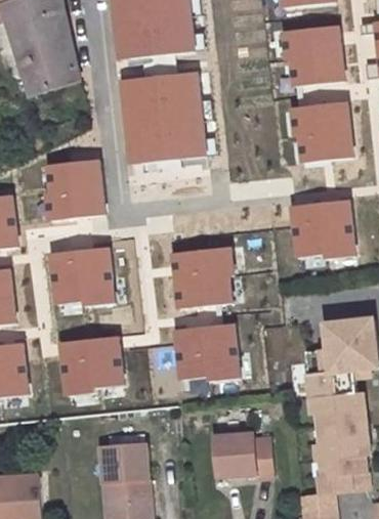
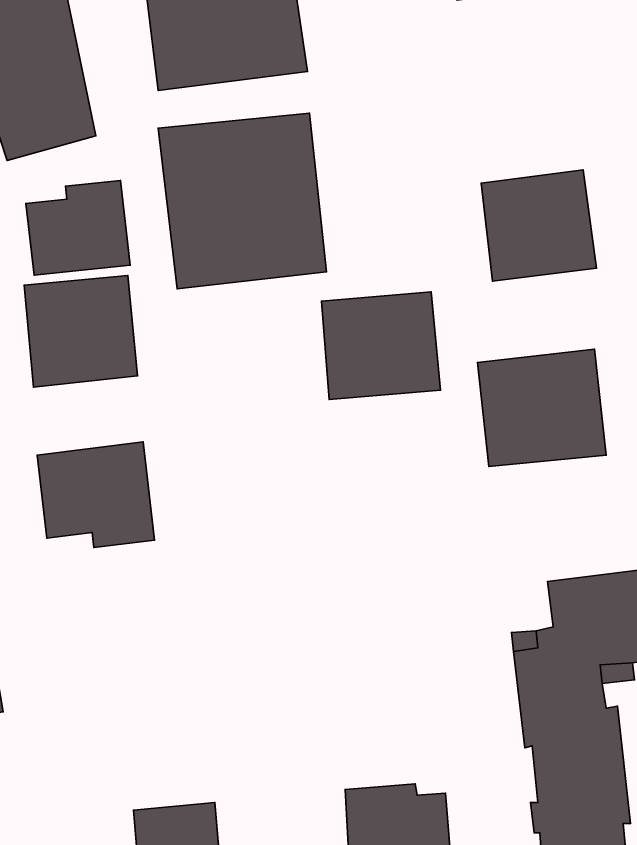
building: [282,25,344,85] -> none
building: none -> [26,181,130,275]
building: [170,248,235,306] -> [321,292,440,400]
building: [174,325,241,380] -> none
building: [56,335,124,394] -> none

